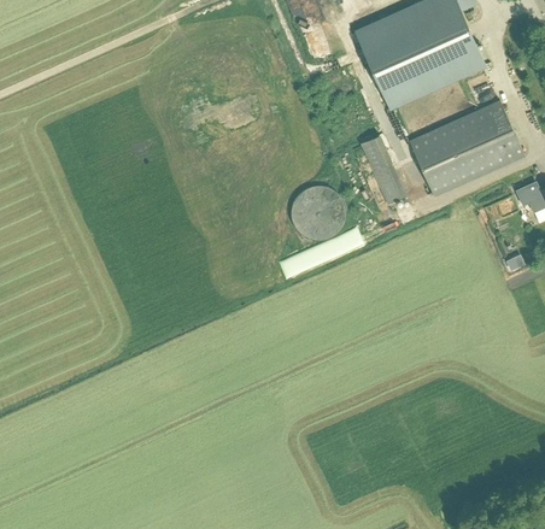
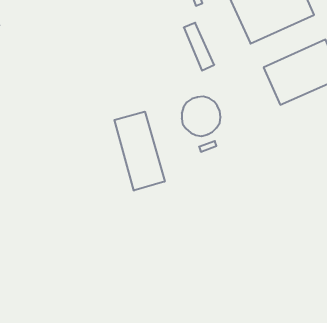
building: [361,135,405,205] -> [184,23,214,71]
building: none -> [114,112,165,191]

